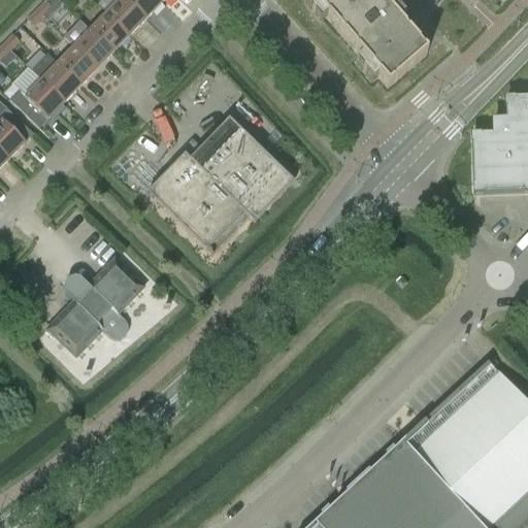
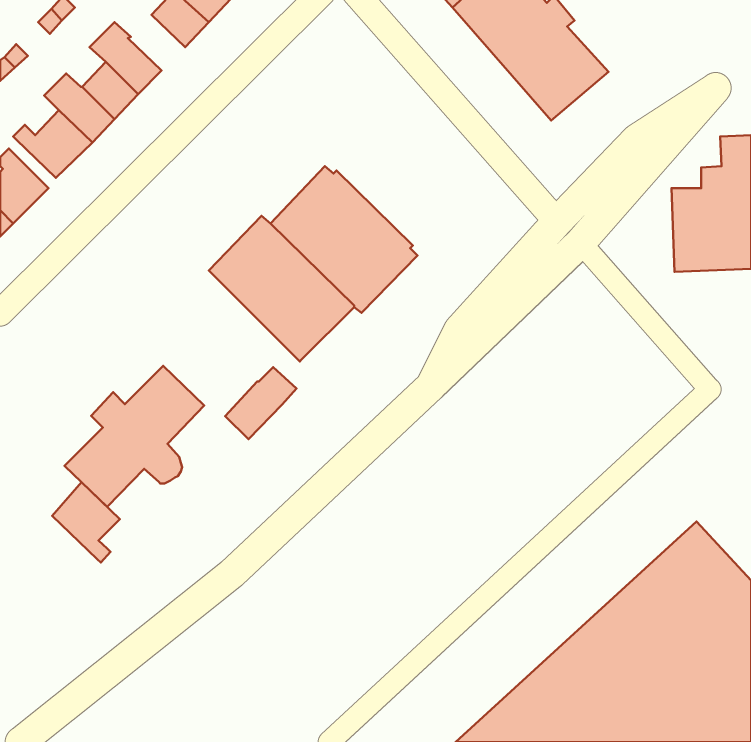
building: [90,10,130,50] -> none
building: none -> [225,367,297,439]
building: none -> [52,482,120,563]

